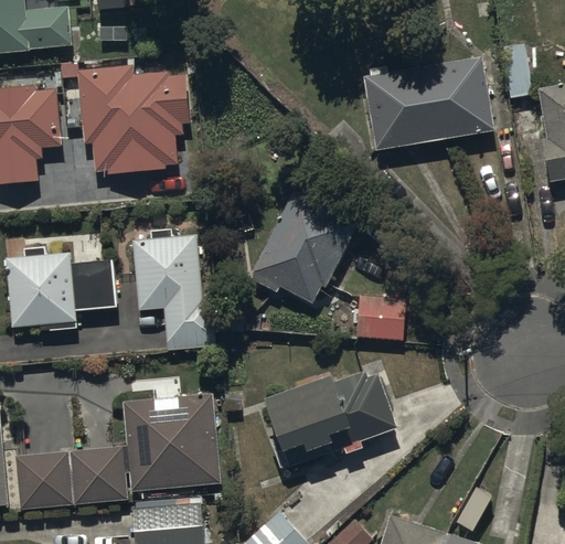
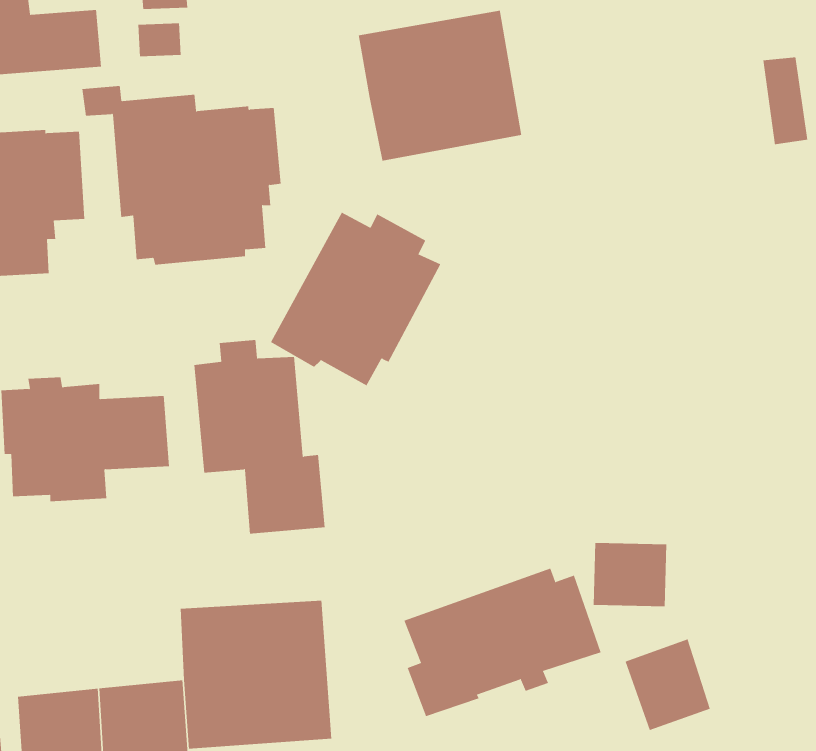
building: none -> [358,10,522,162]
building: [361,57,495,152] -> none
building: [247,191,359,305] -> [270,212,441,386]
building: [356,295,405,337] -> [593,542,667,607]
building: none -> [625,638,710,731]

